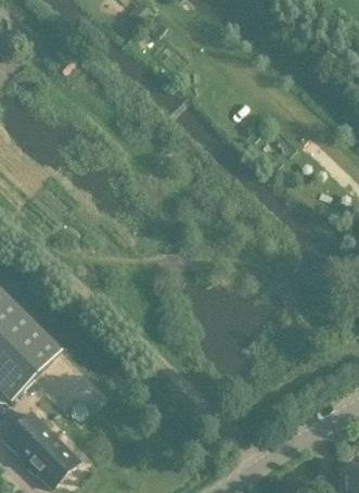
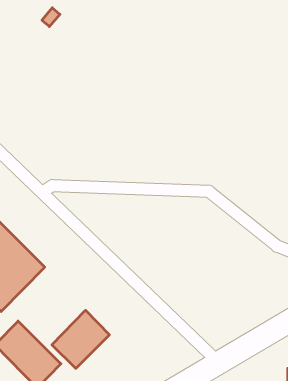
building: none -> [52,310,109,368]

